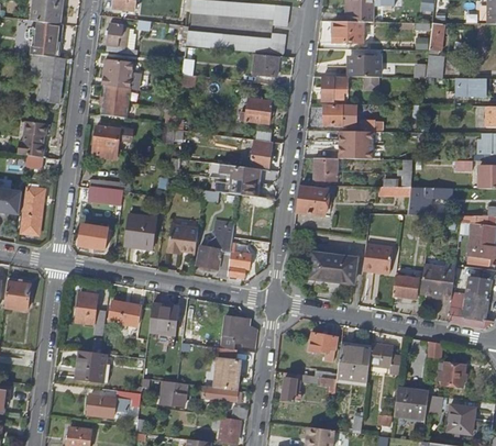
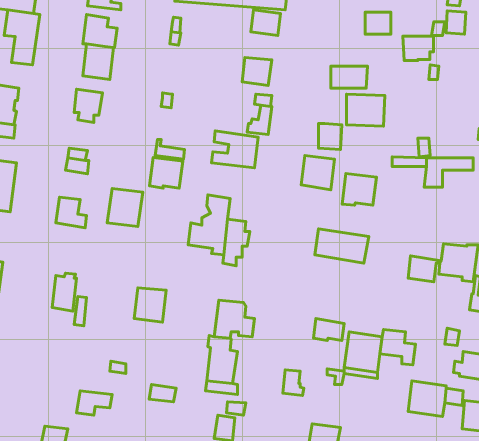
building: [323,77,351,99] -> [403,36,434,61]
building: [168,224,198,252] -> [150,158,183,188]
building: [363,243,394,271] -> [342,173,376,205]
building: [108,301,141,326] -> none
building: [74,349,108,381] -> none

